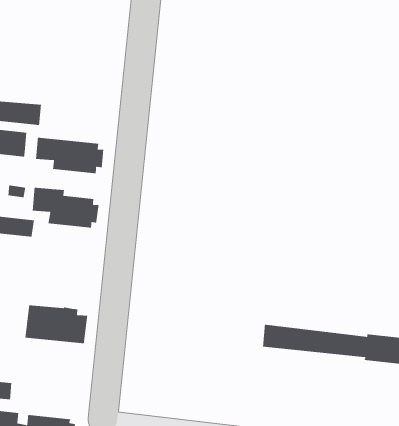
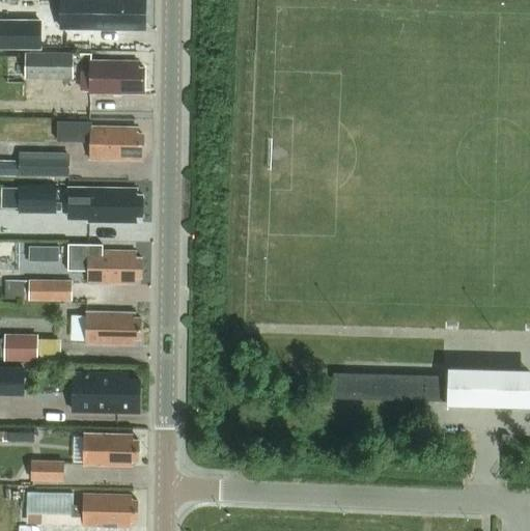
building: none -> [24,52,73,81]
building: none -> [81,60,143,94]
building: none -> [57,118,142,160]
building: none -> [86,312,139,344]
building: none -> [83,432,138,467]

